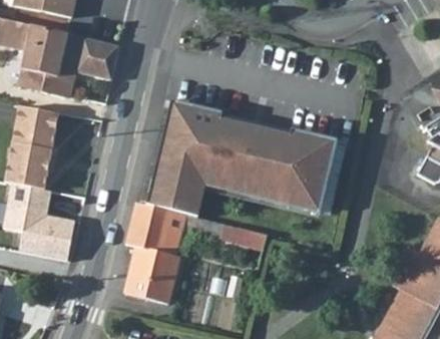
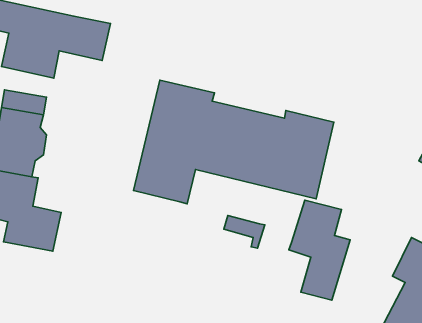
building: [124,201,188,298] -> none
building: none -> [289,200,350,300]

